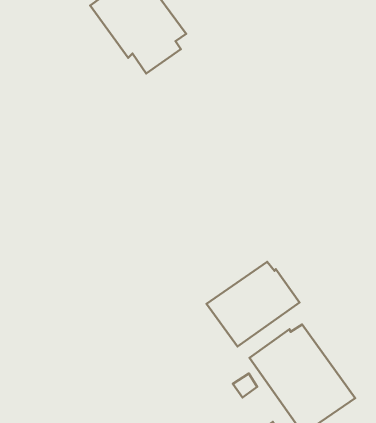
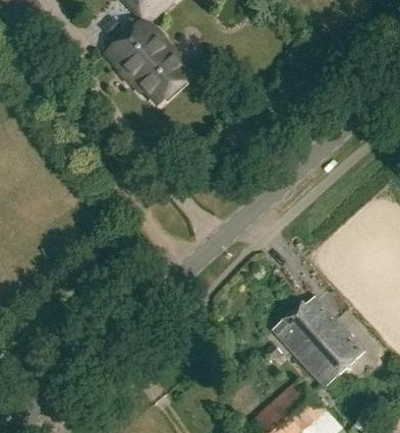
building: [207,262,299,346] -> none

